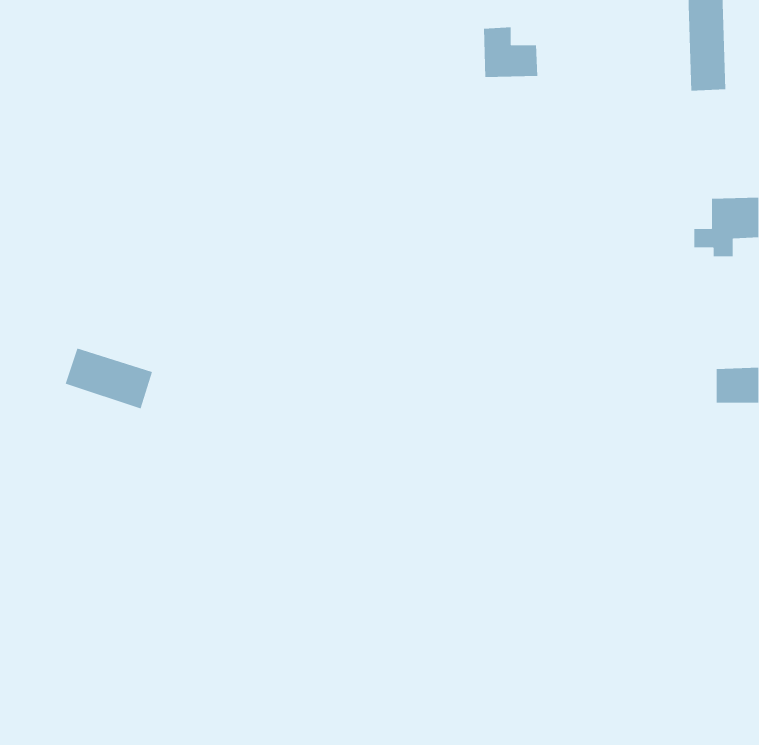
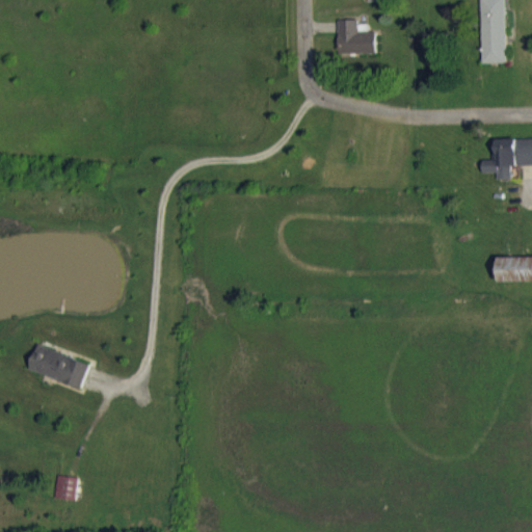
building: [65,348,153,409] -> [28,345,89,388]
building: none -> [53,475,77,500]

